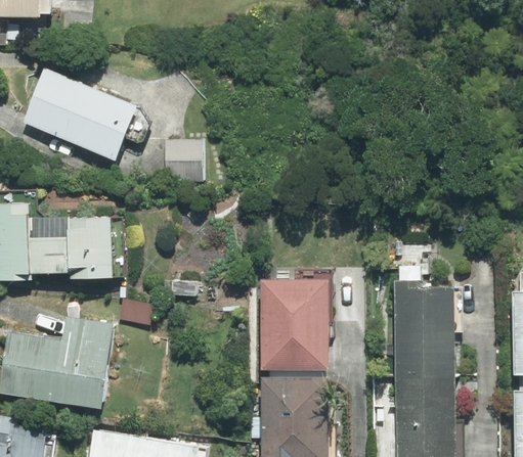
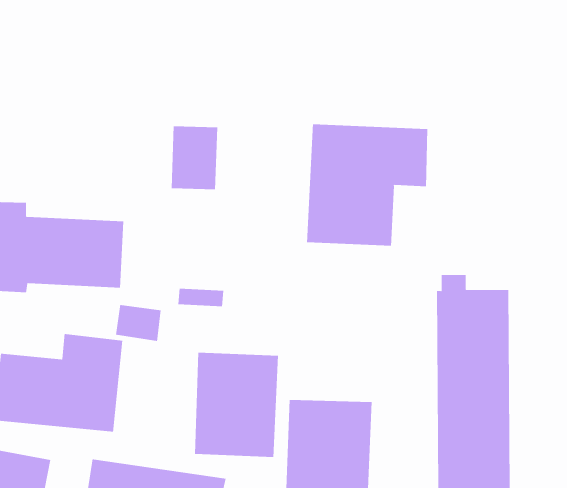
building: [12,65,137,165] -> none
building: none -> [307,124,428,246]
building: [258,277,333,370] -> [194,352,279,458]

